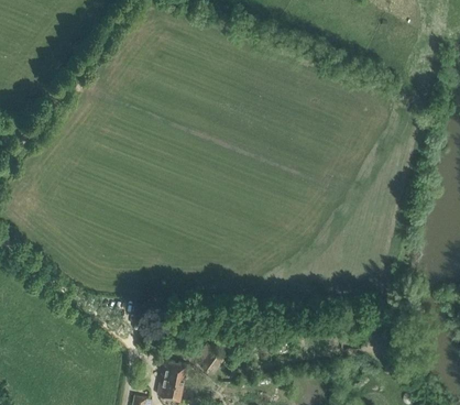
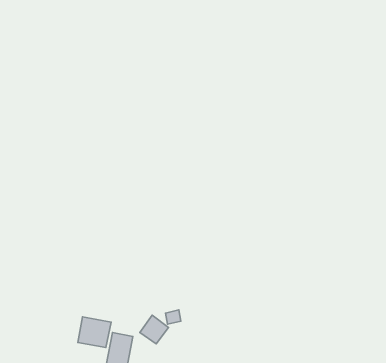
building: none -> [78,317,111,348]

